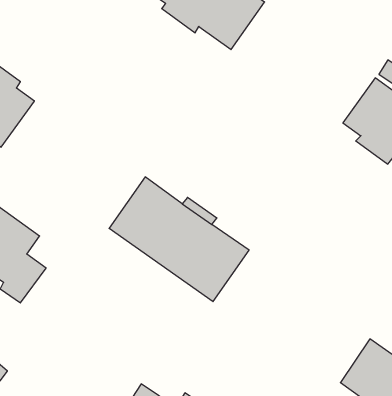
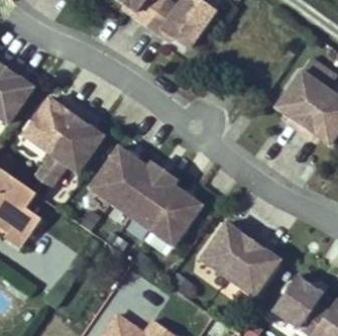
building: none -> [24,99,103,185]
building: none -> [201,222,279,296]

